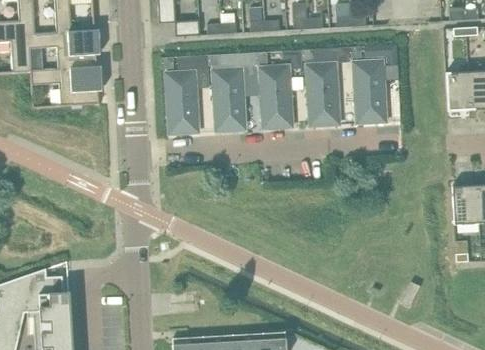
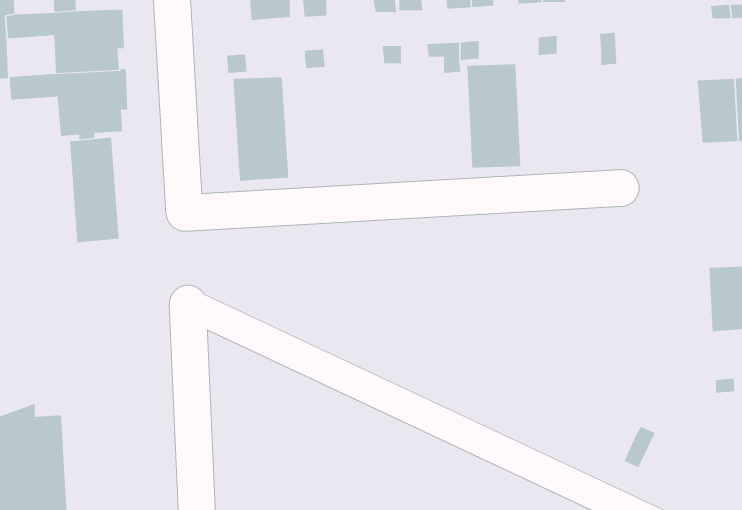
building: [354,59,387,123] -> none
building: [260,64,294,128] -> none
building: [213,67,247,131] -> none
building: none -> [69,137,119,243]

